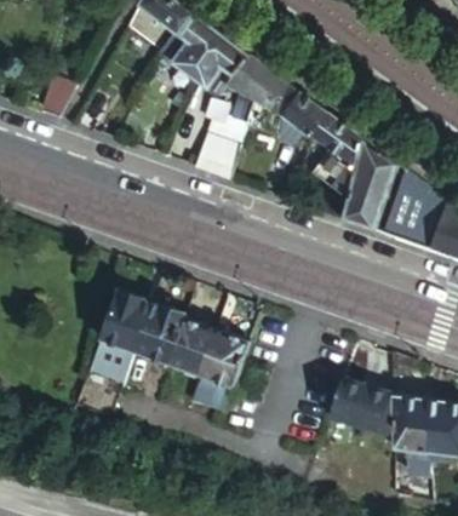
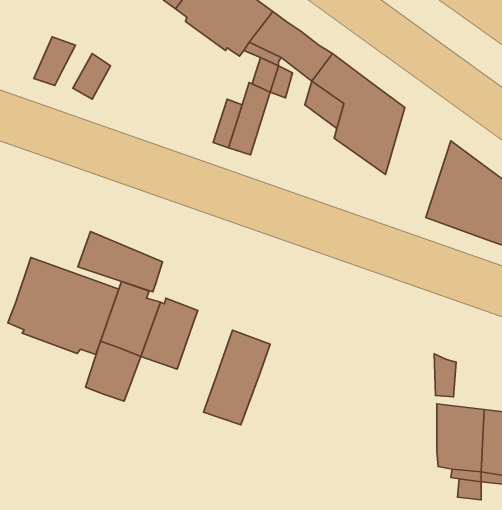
building: [340,136,397,229] -> none
building: none -> [78,231,162,292]
building: none -> [8,257,119,355]
building: [165,319,213,374] -> none
building: [326,374,391,435] -> none

